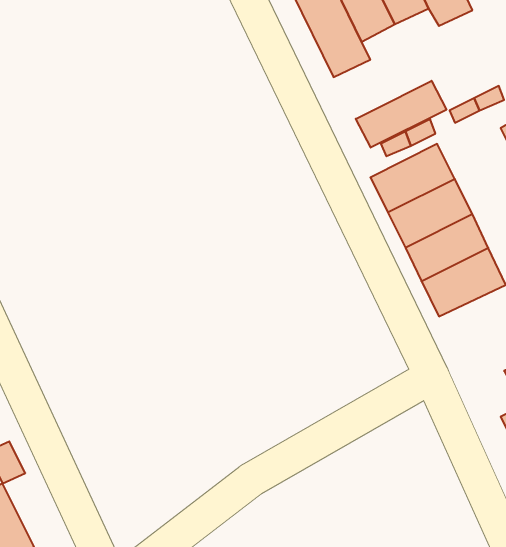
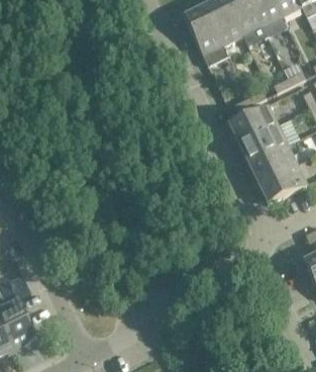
building: [356,81,446,148] -> none

